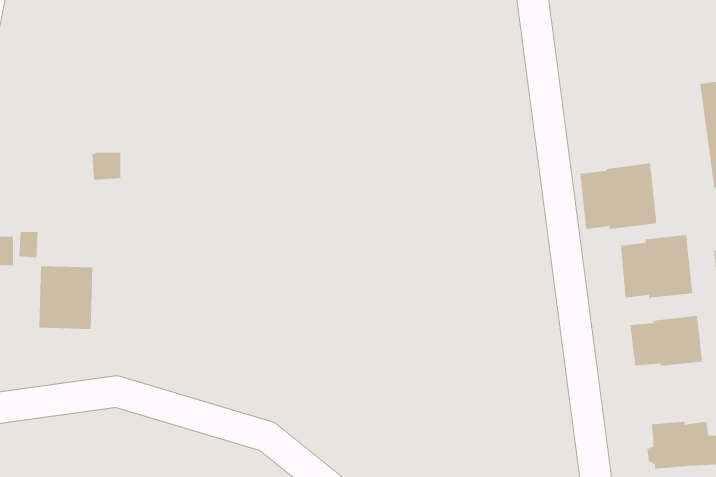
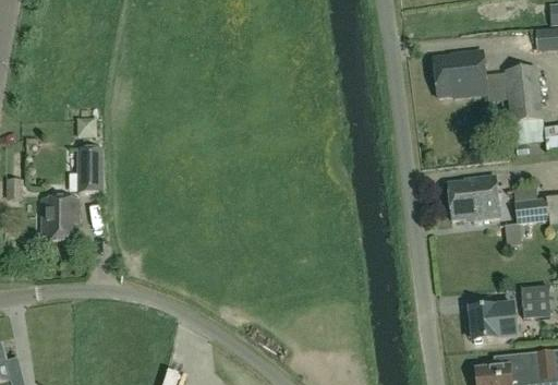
building: [579,163,657,230] -> [433,50,487,97]
building: none -> [76,147,104,192]
building: [630,315,702,367] -> none

